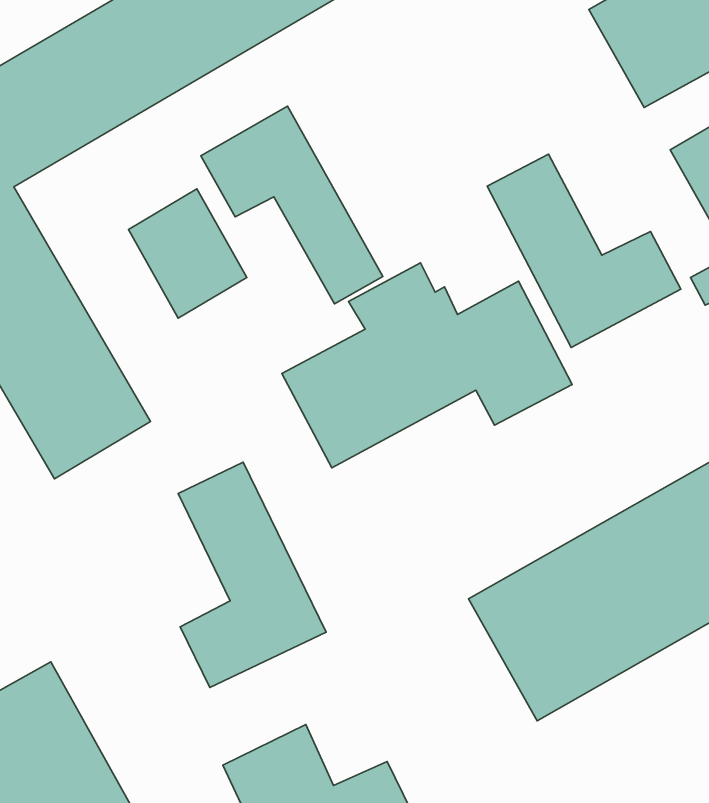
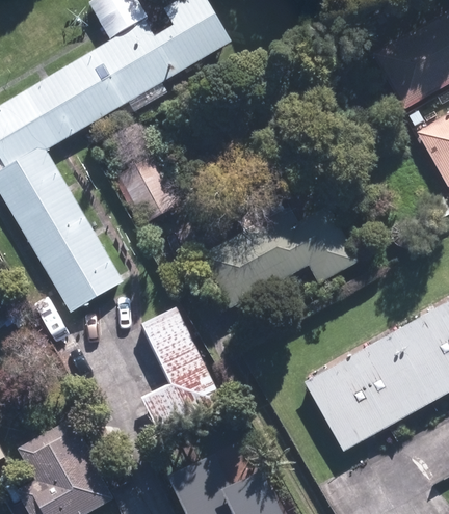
building: [201,106,383,304] -> none
building: [487,154,681,347] -> none

